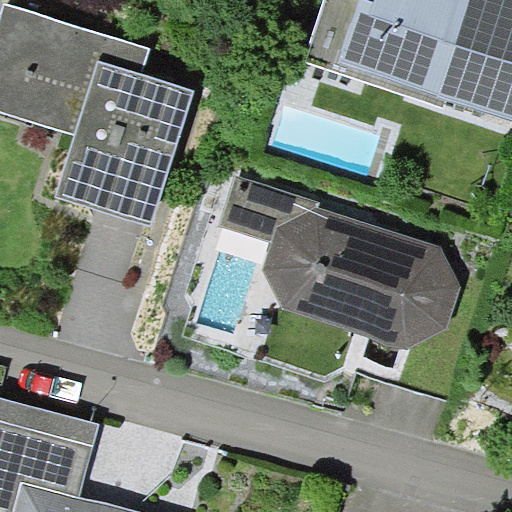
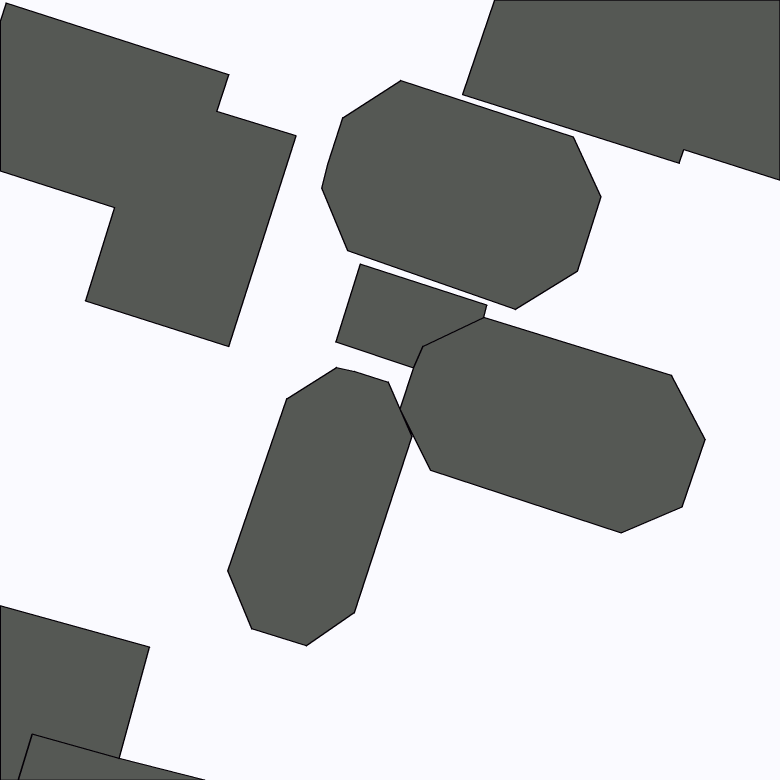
building: none -> [322,80,601,310]
building: none -> [228,367,412,646]

